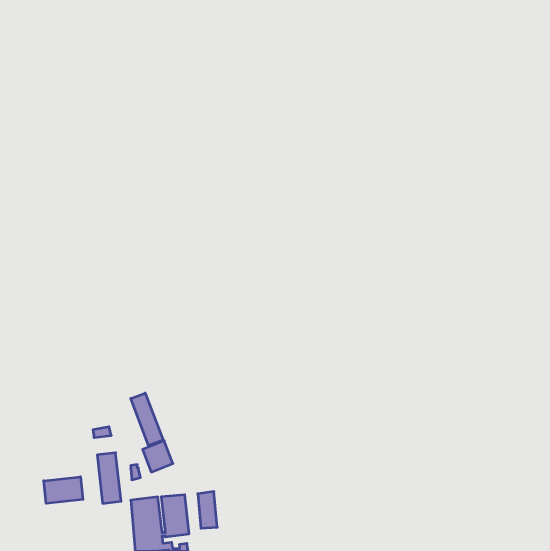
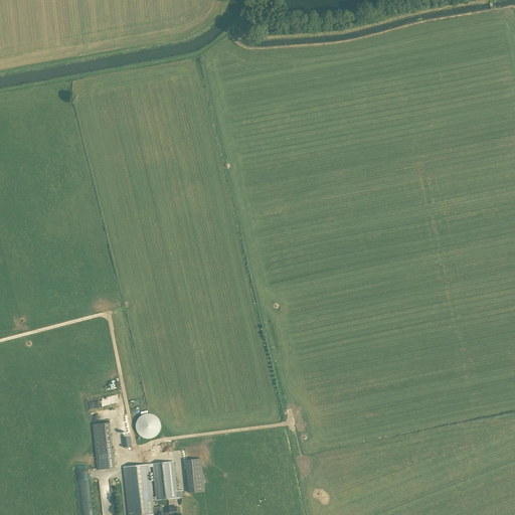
building: [131,393,163,446] -> none
building: [44,477,83,503] -> none

